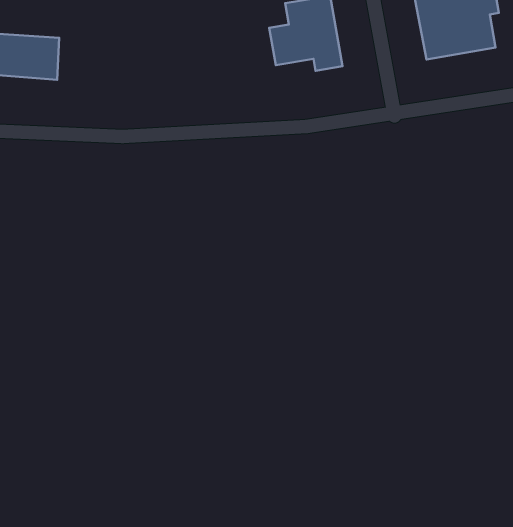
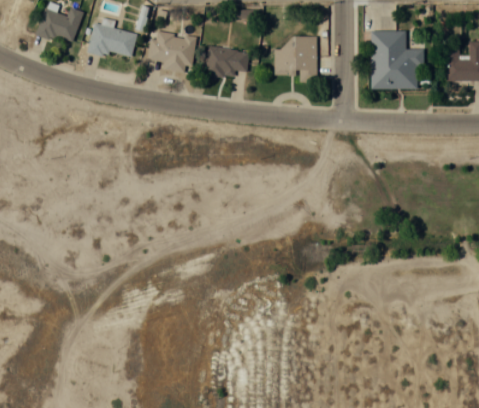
building: none -> [150,31,196,73]
building: none -> [204,47,249,79]

